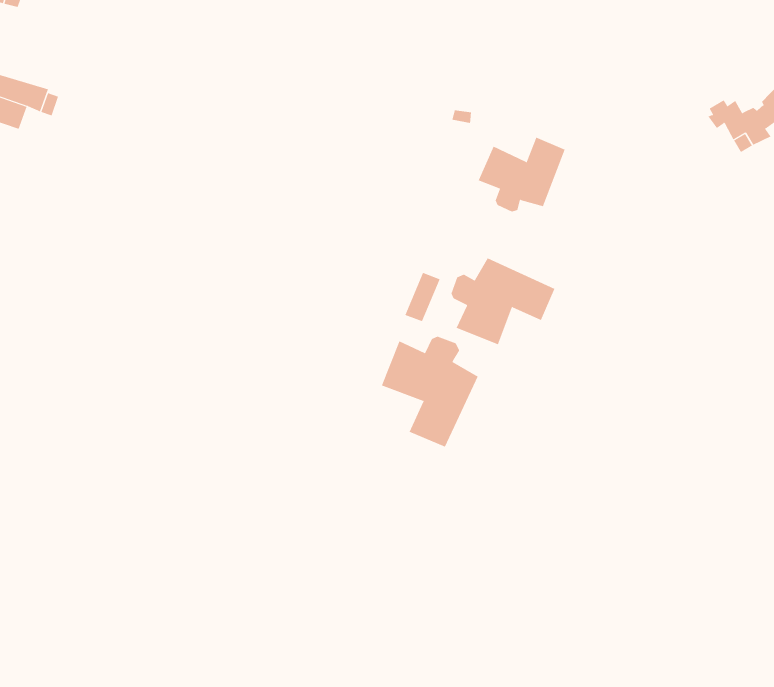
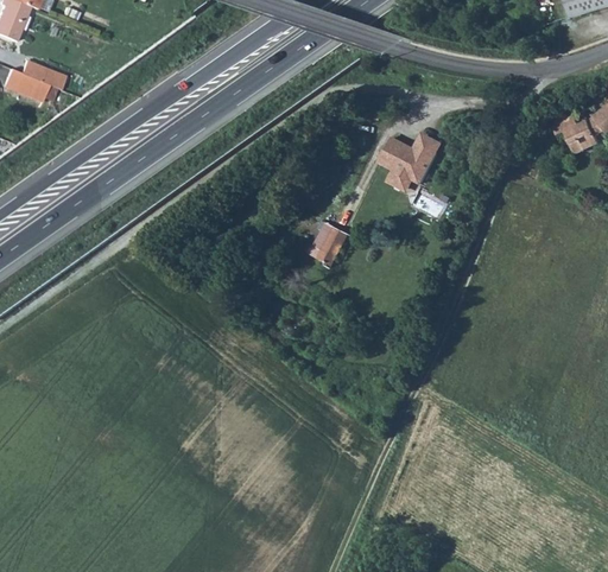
building: [451,257,555,345] -> none
building: [381,336,478,448] -> none

